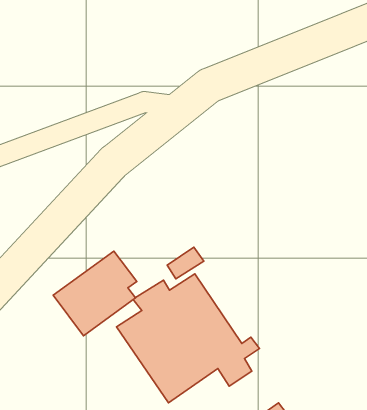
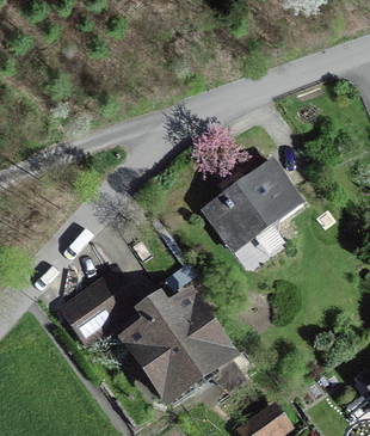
building: none -> [202,159,301,246]

